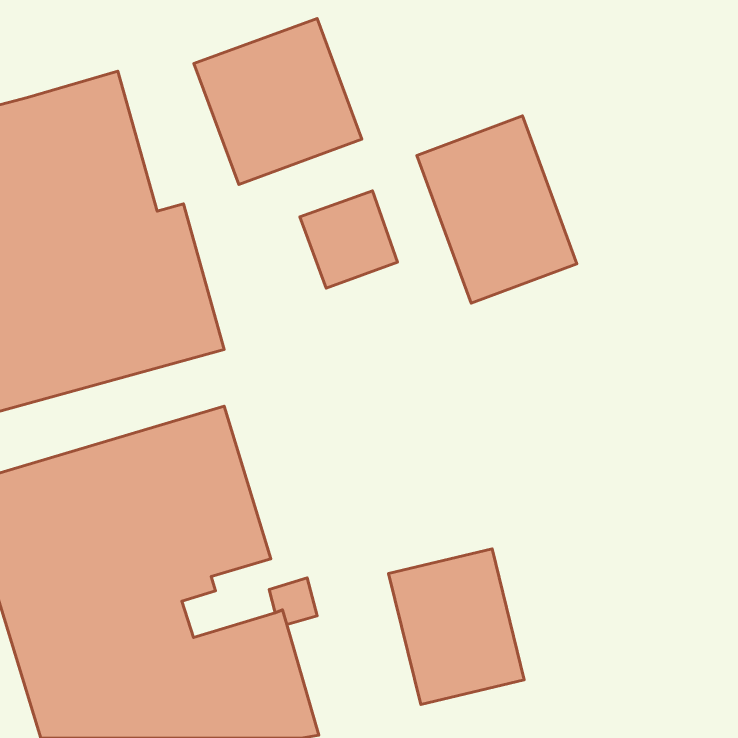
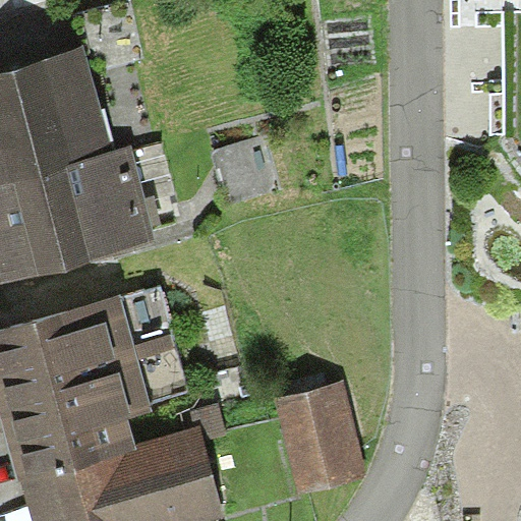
building: [194,18,362,184] -> none
building: [417,116,577,303] -> none

